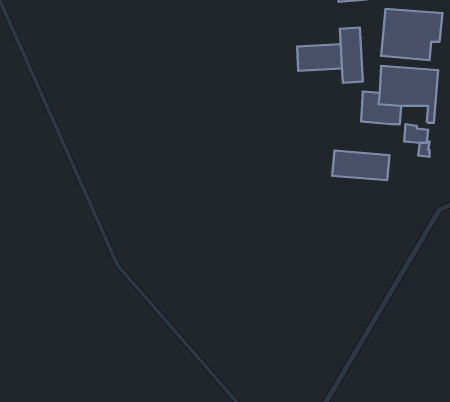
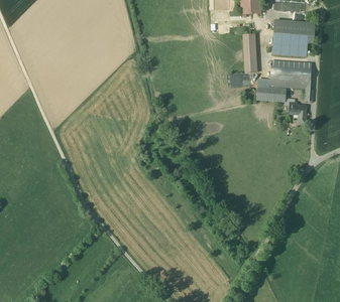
building: [297,44,342,71] -> none
building: [332,151,390,180] -> none

